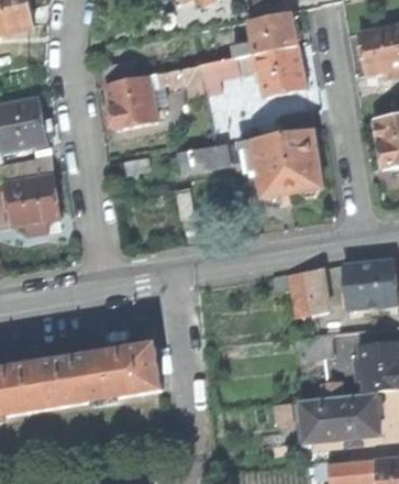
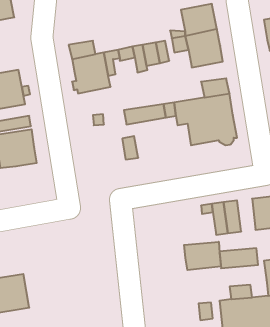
building: none -> [184,242,221,270]
building: [43,348,162,410] -> none

